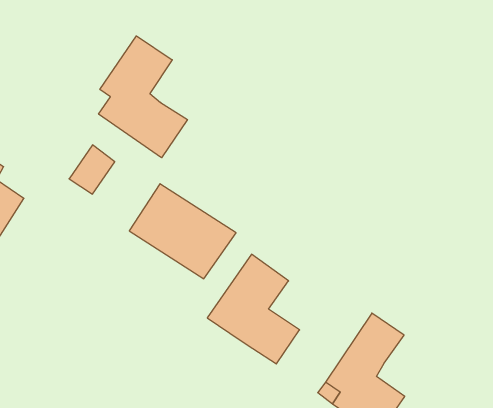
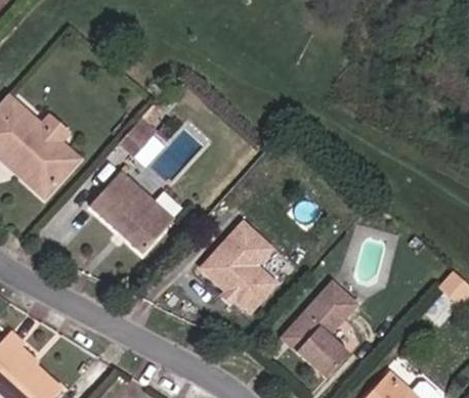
building: [99,36,187,158] -> none
building: [129,184,236,279] -> [90,174,172,252]

